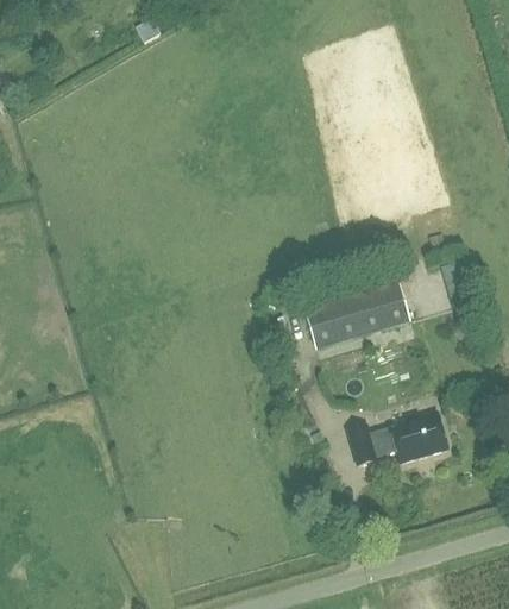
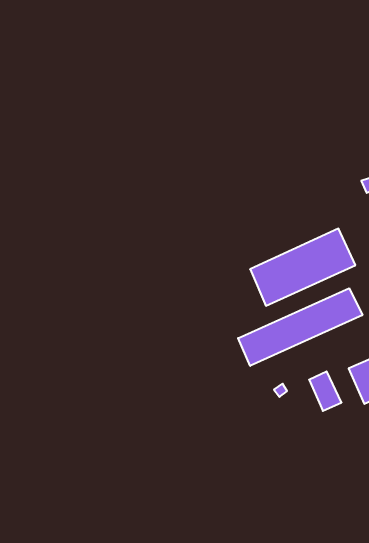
building: none -> [238,288,362,366]

